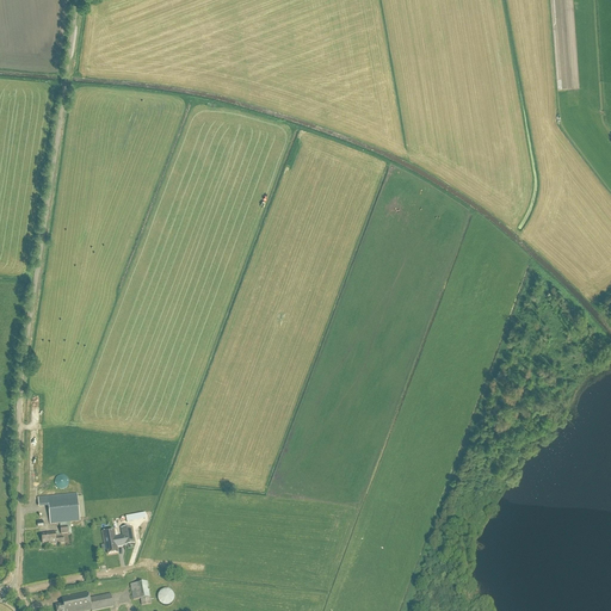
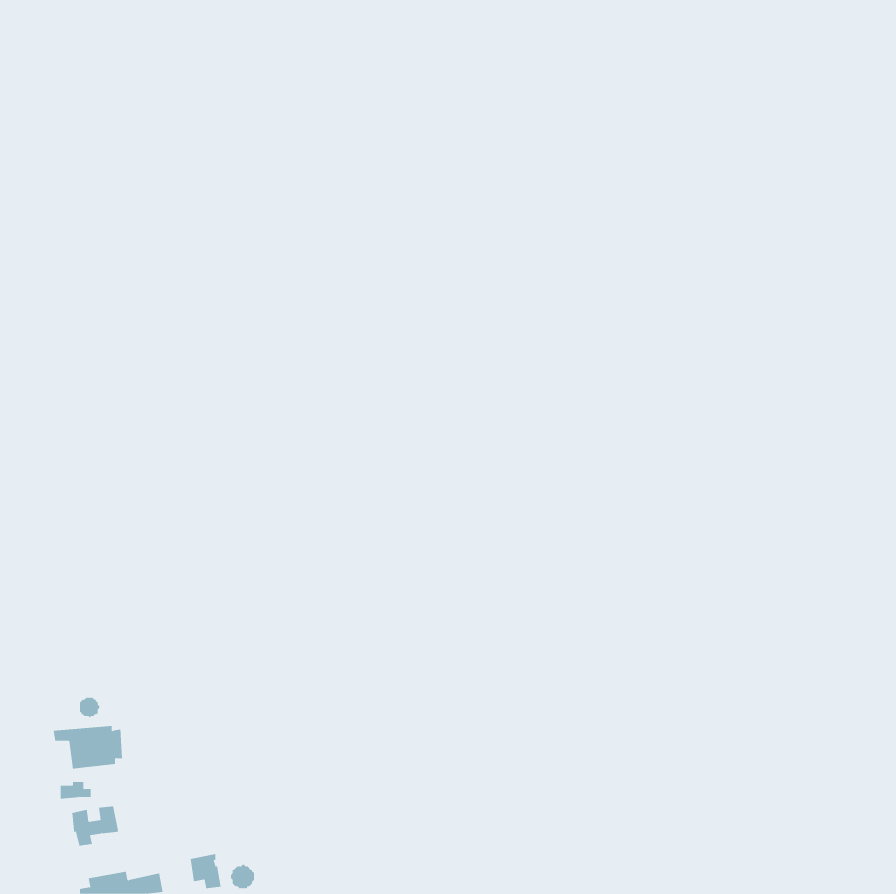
building: [101,525,134,553] -> [72,806,119,846]

